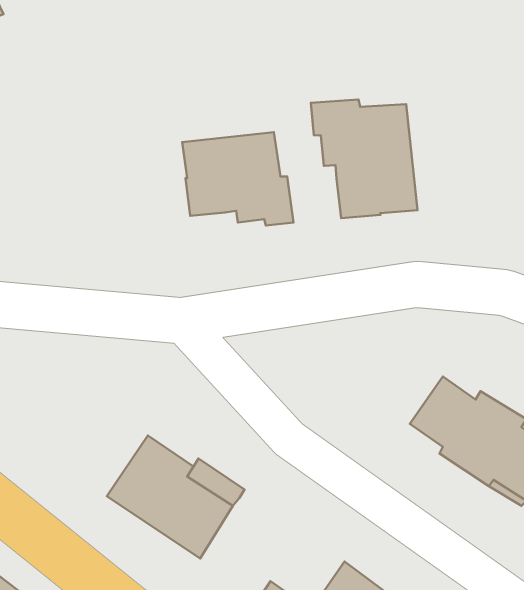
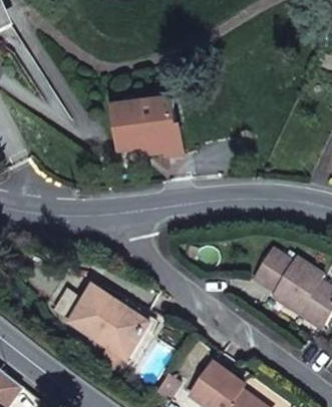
building: [311,100,418,218] -> none

